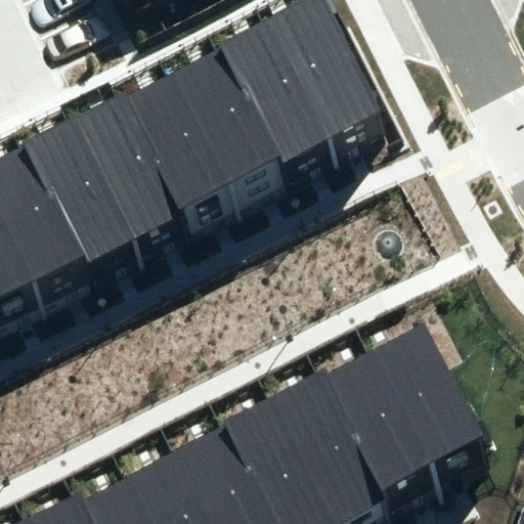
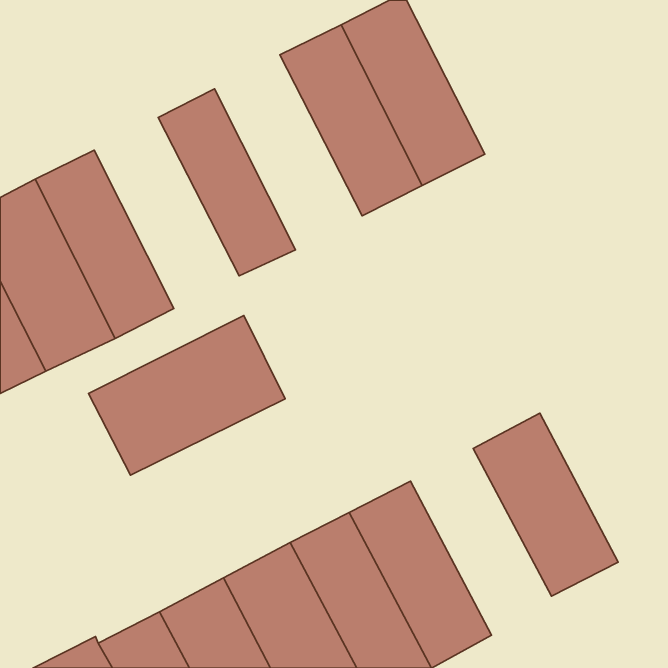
building: [168,43,283,195] -> none
building: [74,92,187,242] -> none
building: none -> [88,316,285,475]
building: [321,351,434,497] -> none

